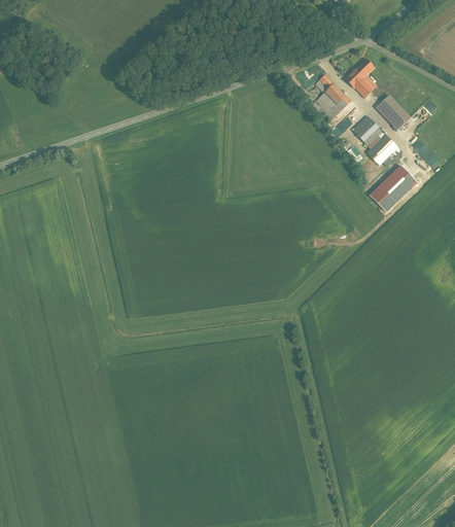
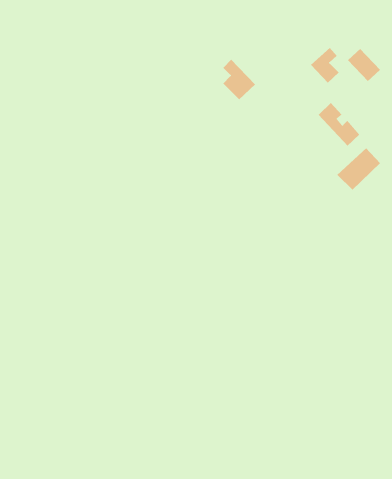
building: [313,73,348,116] -> [222,59,256,100]
building: [375,95,410,130] -> [347,48,381,82]

